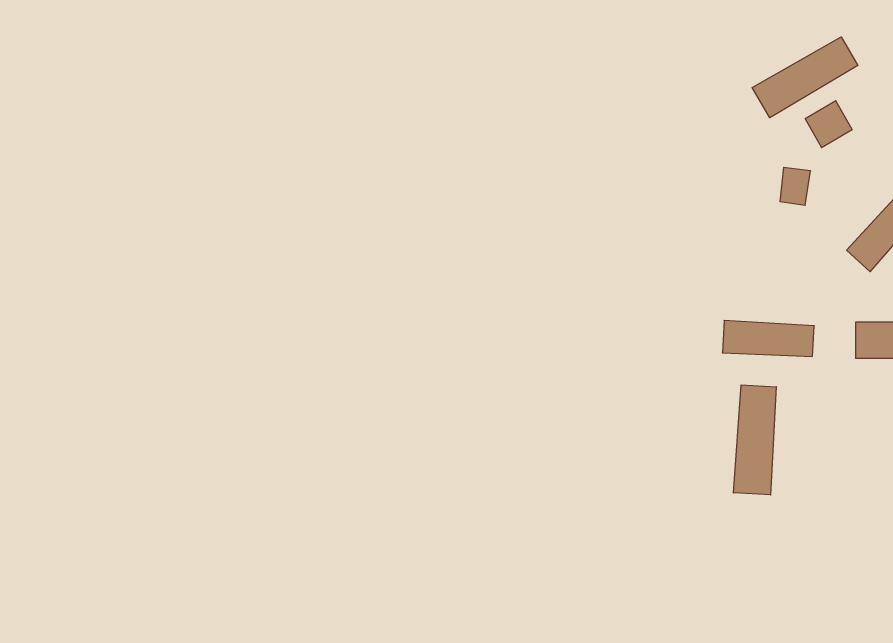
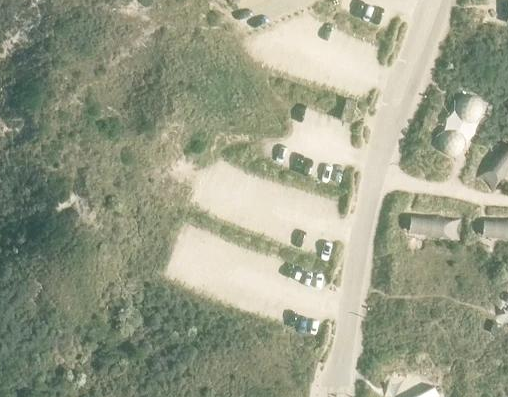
building: [752,37,858,118] -> none
building: [733,385,776,495] -> none

